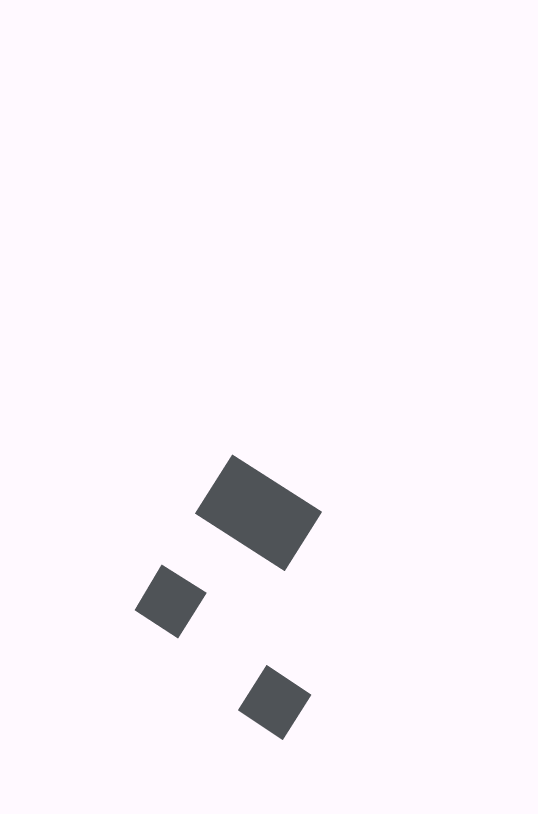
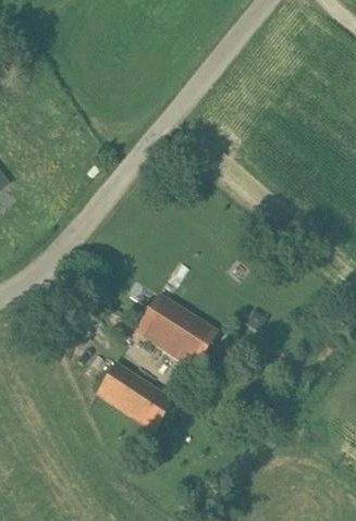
building: [237,664,313,741] -> [124,380,172,429]

